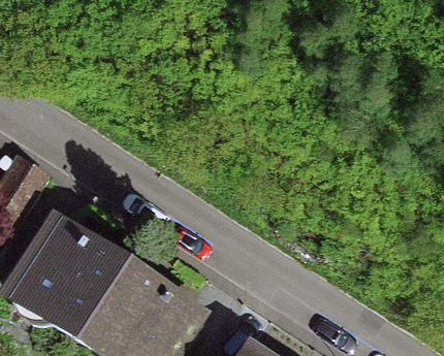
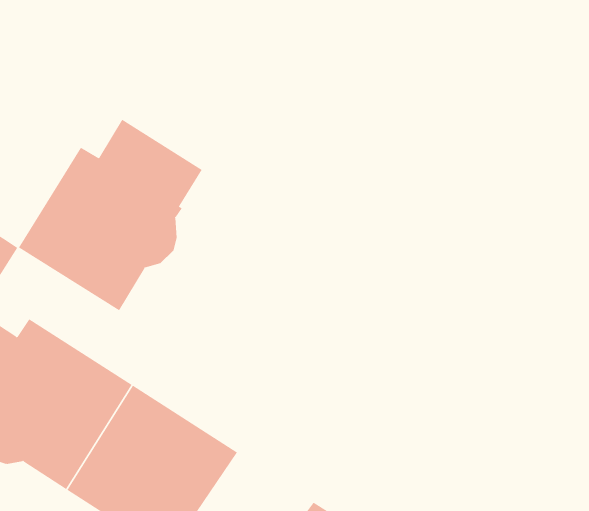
building: none -> [18,119,202,311]

